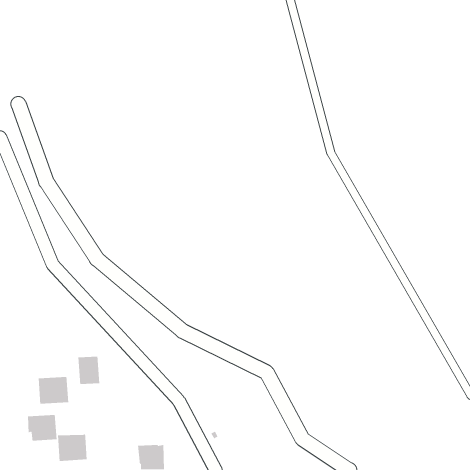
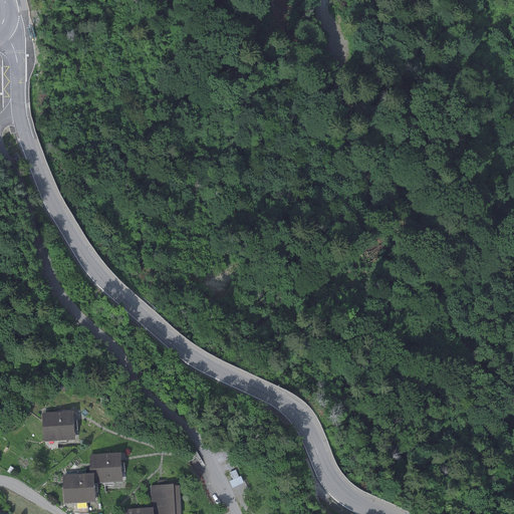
building: [78,356,100,385] -> none
building: [27,414,57,442] -> [90,452,123,482]

